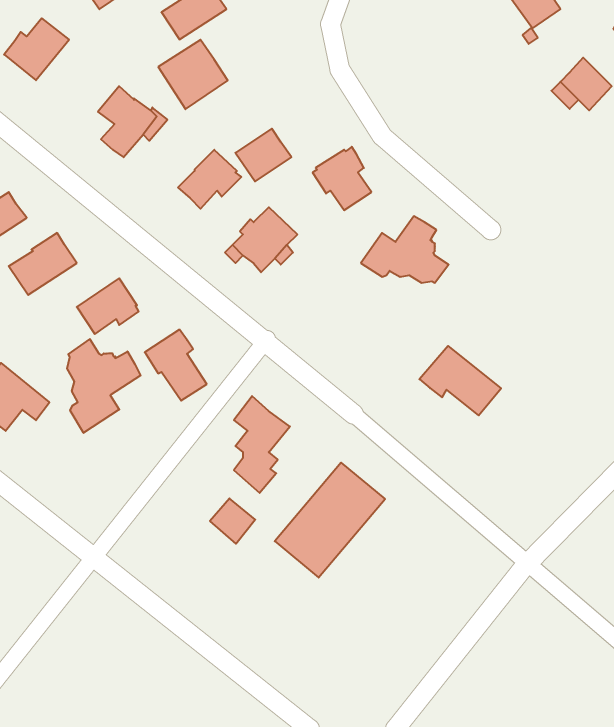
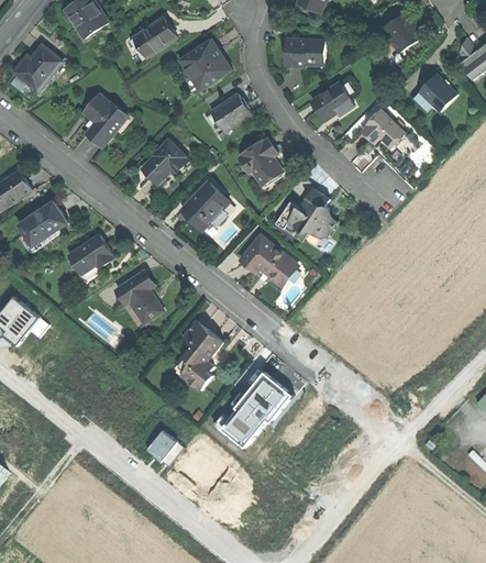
building: none -> [284,38,324,66]
building: [158,40,228,109] -> [179,38,230,89]
building: none -> [311,82,353,120]
building: none -> [361,109,404,146]
building: [235,129,291,181] -> [210,92,251,131]
building: [67,339,141,433] -> none
building: [419,346,501,415] -> [239,234,298,285]
building: [210,498,255,544] -> [147,431,180,464]

